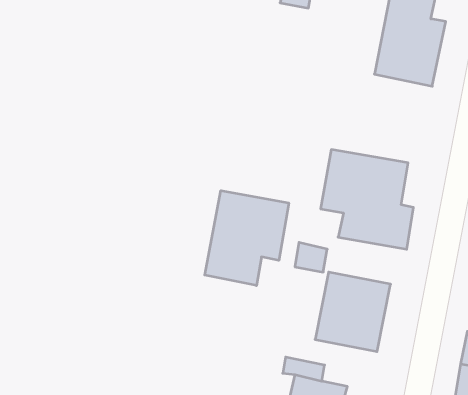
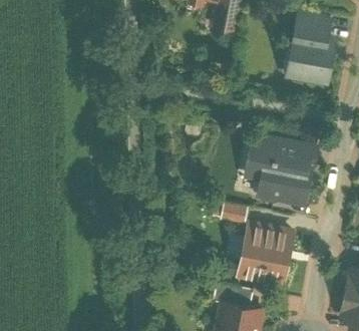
building: [205,191,289,286] -> none

